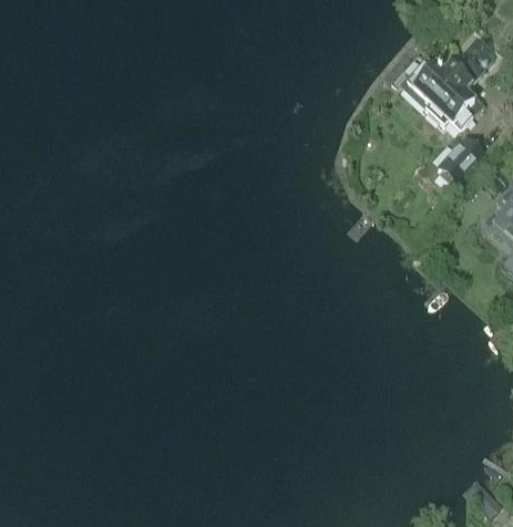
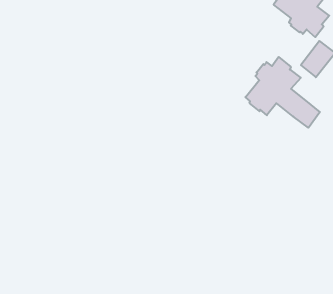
building: none -> [245,57,320,128]

